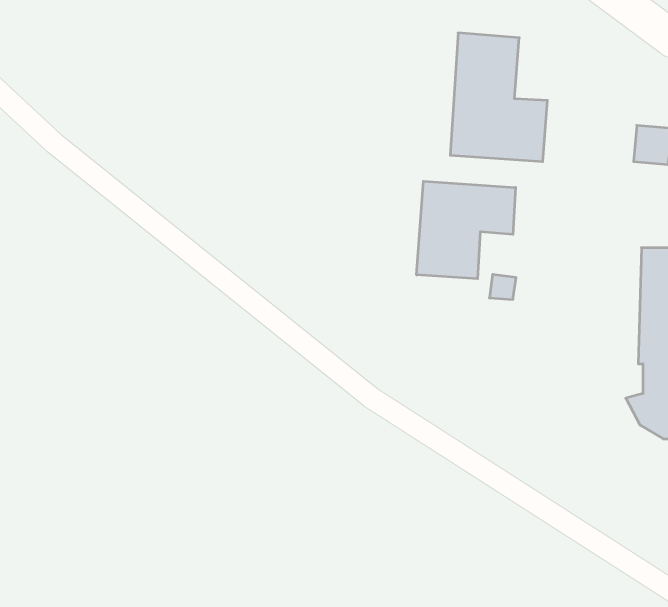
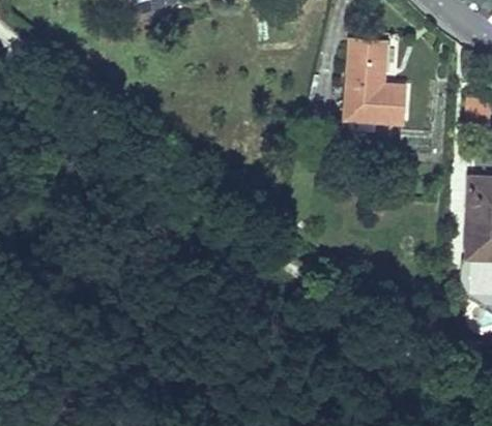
building: [417,181,516,279] -> none

